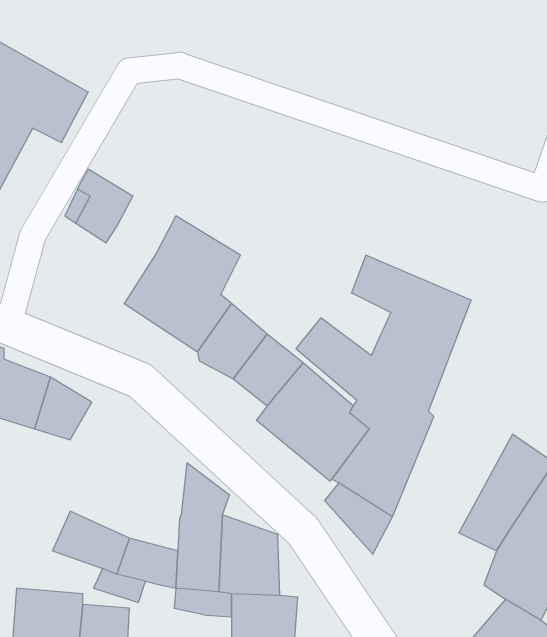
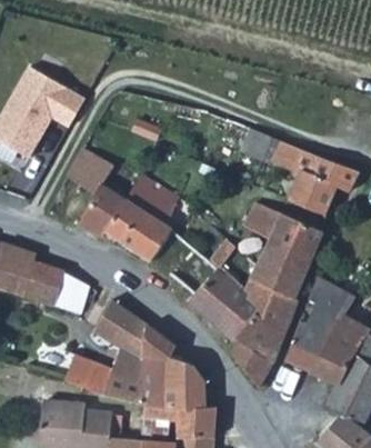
building: none -> [247,127,359,209]
building: none -> [79,180,126,233]
building: none -> [285,273,355,370]
building: none -> [92,303,144,361]

